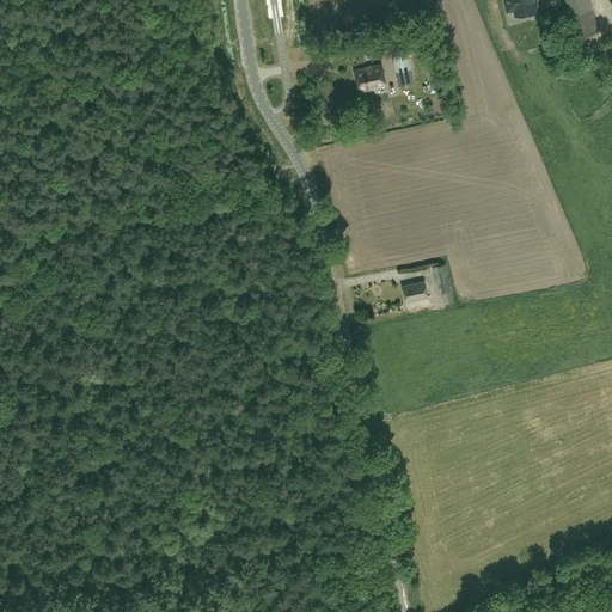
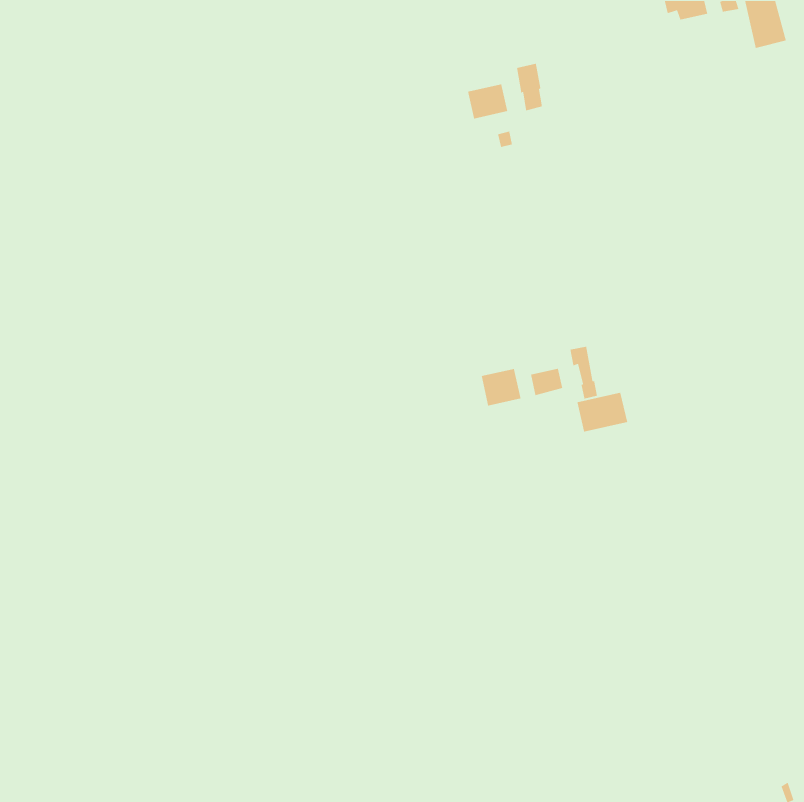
building: none -> [481,368,521,406]
building: none -> [576,392,628,433]

